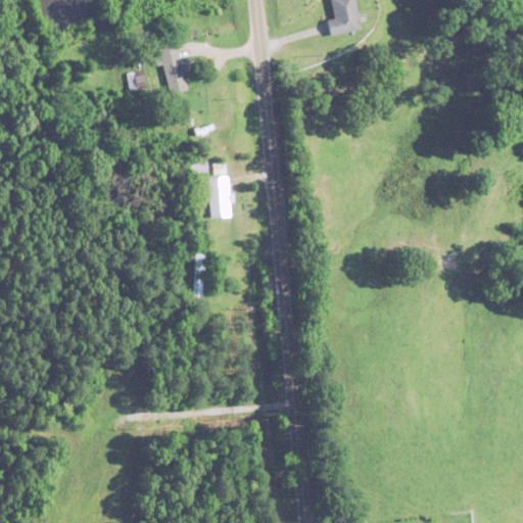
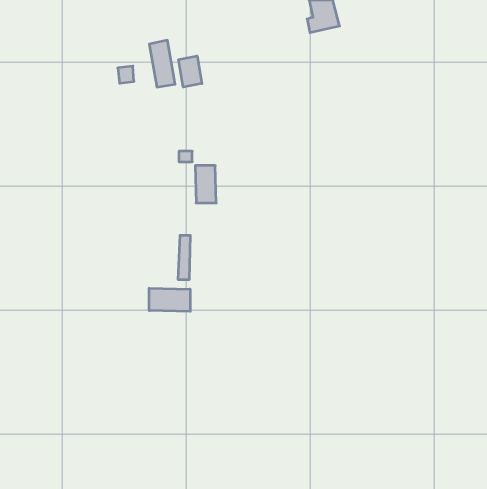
building: none -> [179,56,202,87]
building: none -> [149,288,190,311]

